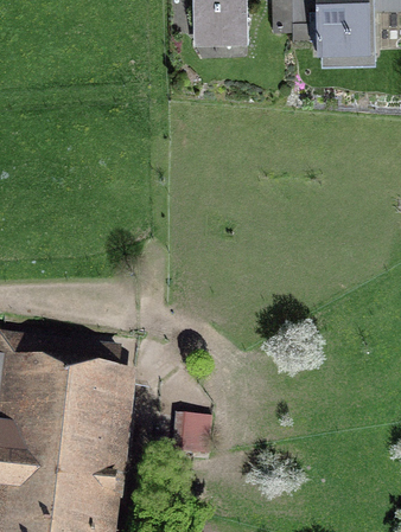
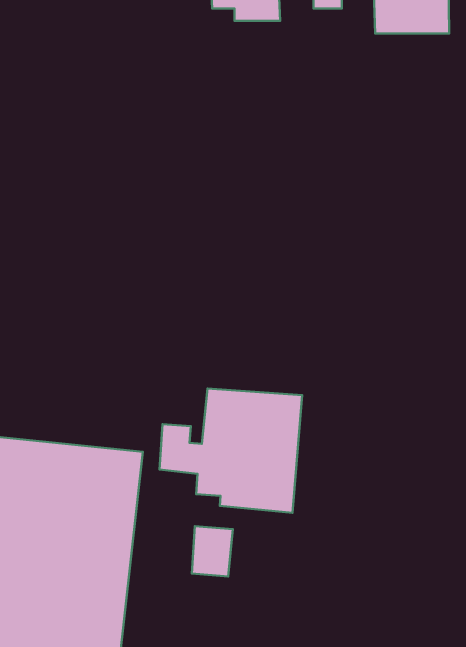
building: none -> [159,388,302,513]

